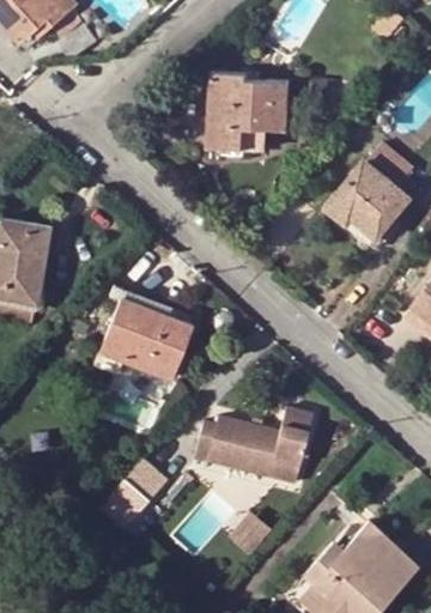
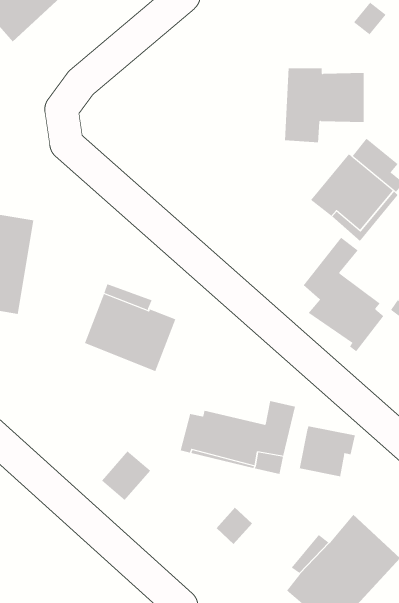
building: [208,74,289,150] -> [284,68,364,143]
building: none -> [303,237,384,352]
building: none -> [299,425,355,477]

